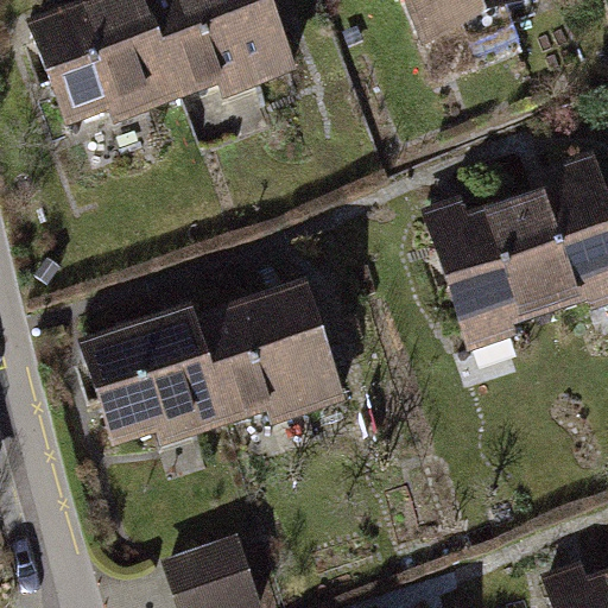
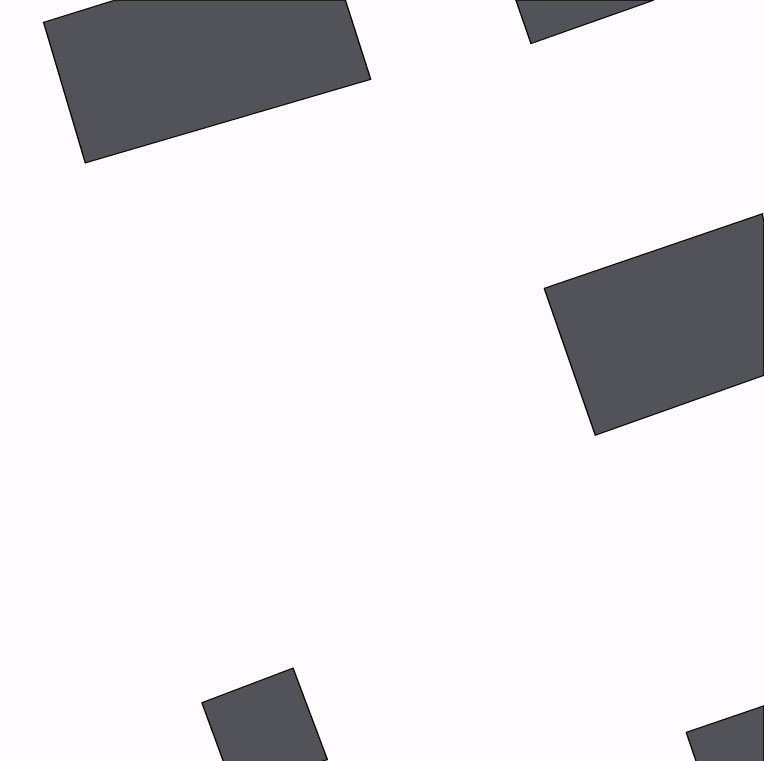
building: [84,280,334,444] -> none

